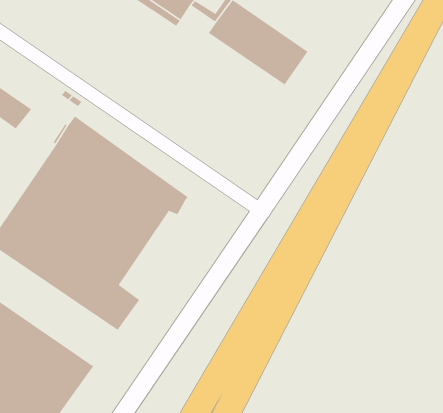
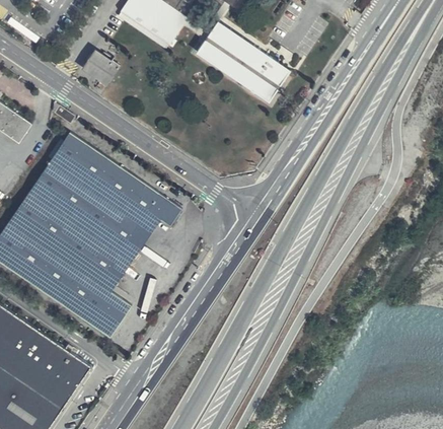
building: none -> [86,53,122,87]

